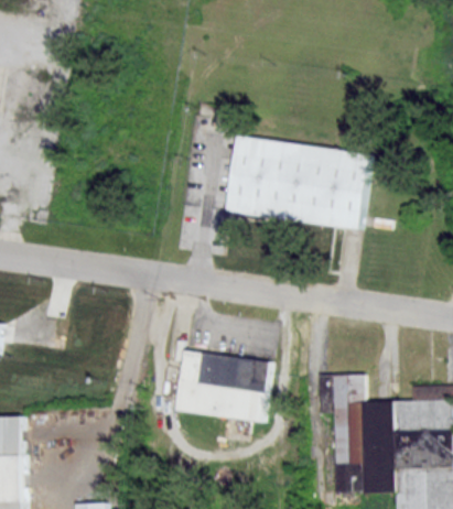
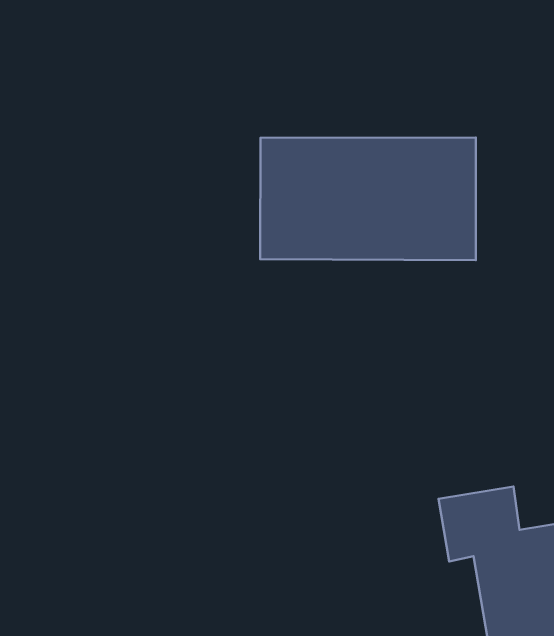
building: [176,349,271,422] -> none

